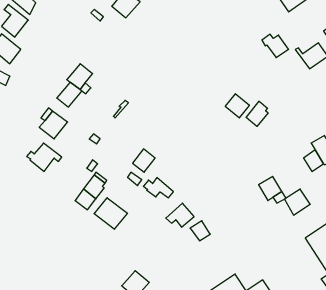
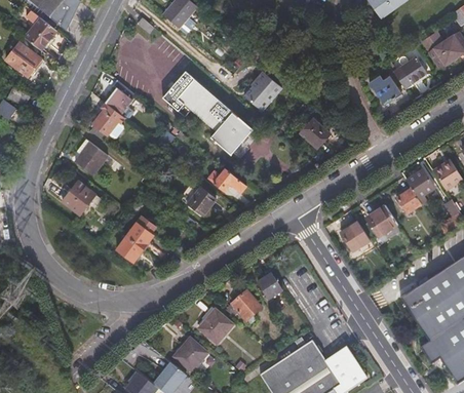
building: [262,34,289,58] -> [368,74,400,103]
building: none -> [160,69,250,153]
building: none -> [242,71,280,111]
building: [246,101,268,126] -> none
building: [143,178,173,198] -> [209,166,246,191]
building: [284,189,310,215] -> [365,204,397,236]
building: [94,198,127,229] -> none
building: [166,203,194,227] -> [226,291,261,321]
building: none -> [198,309,229,340]

